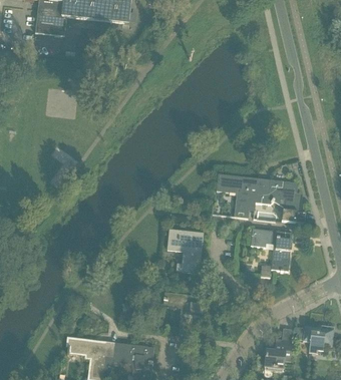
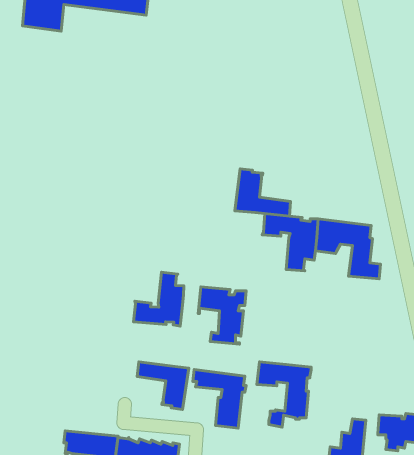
building: none -> [235,169,291,216]
building: none -> [134,272,184,326]
building: [251,228,292,277] -> [257,362,311,427]
building: none -> [137,362,189,409]

